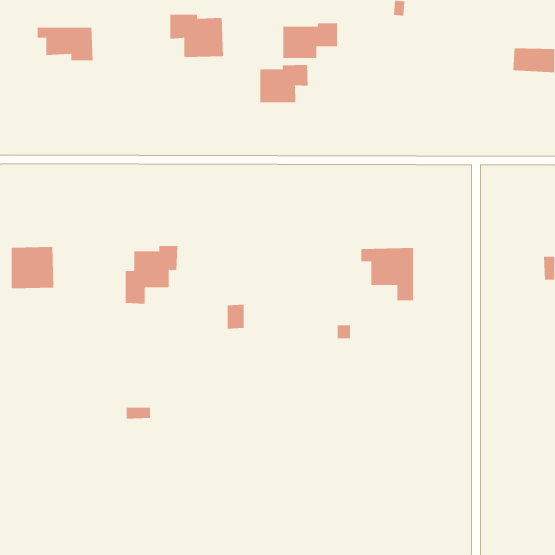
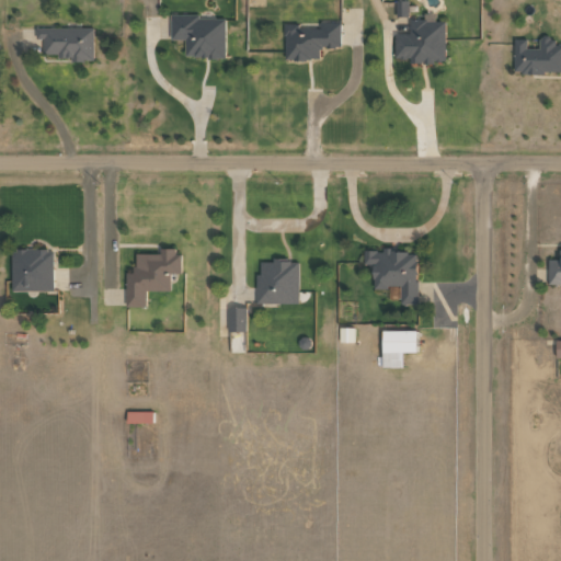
building: none -> [394,13,445,62]
building: [260,64,308,103] -> none
building: none -> [257,261,298,304]
building: none -> [382,330,416,367]

